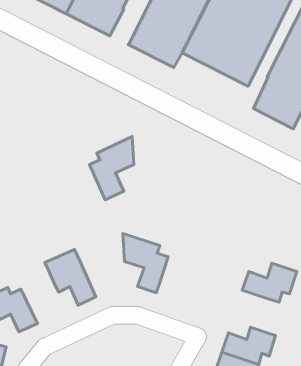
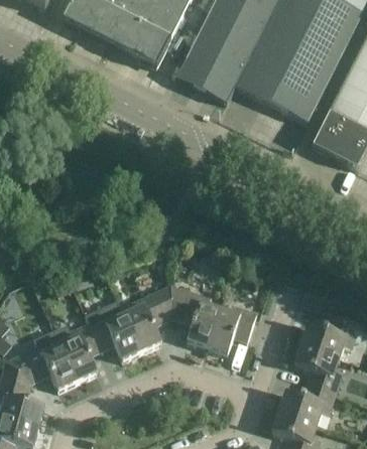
building: [89,137,134,200] -> [124,284,172,352]
building: none -> [207,305,257,354]
building: none -> [59,322,101,382]
building: none -> [293,345,344,395]

